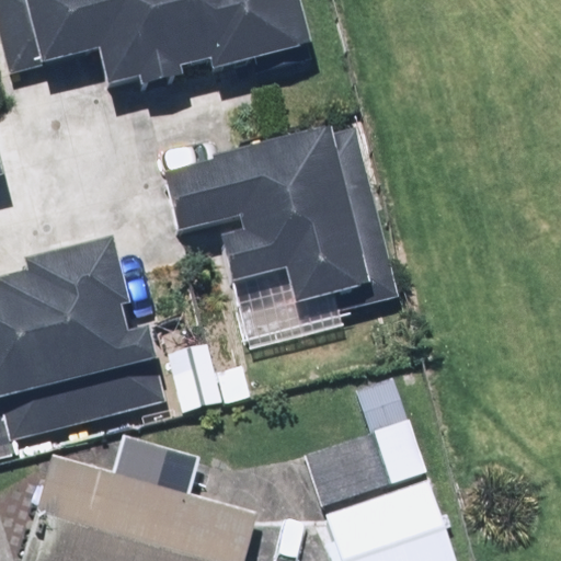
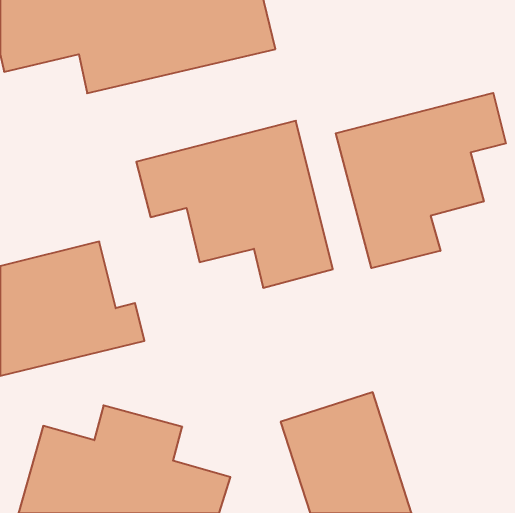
building: none -> [336,93,506,268]

